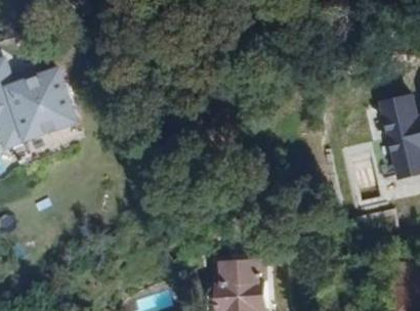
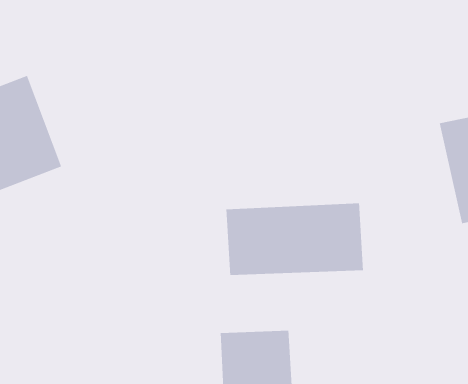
building: none -> [225,202,364,276]

